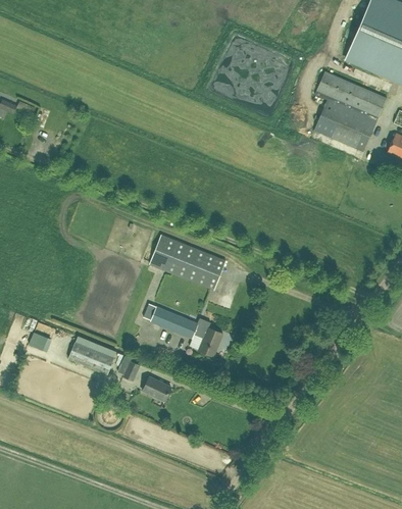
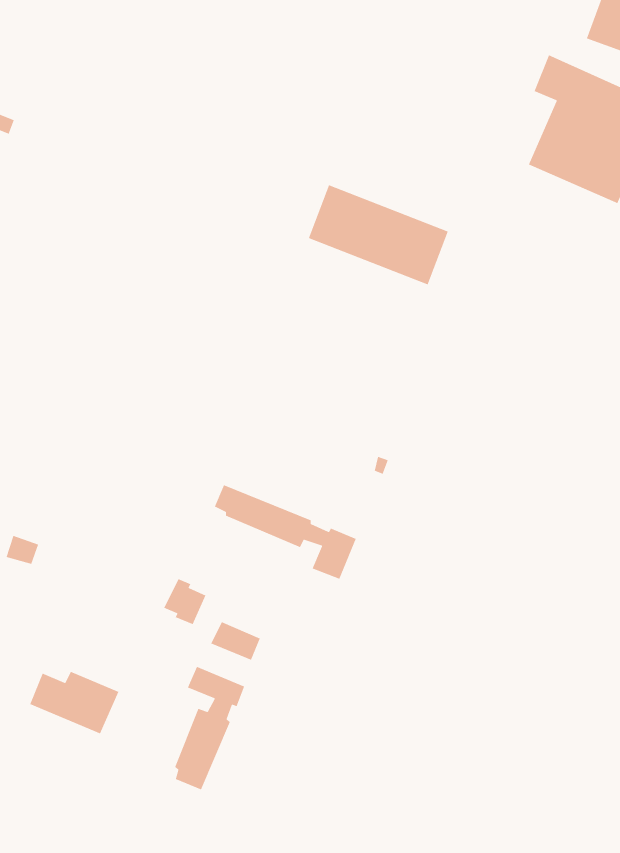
building: [148,235,224,290] -> [308,184,449,286]
building: [68,340,117,374] -> [29,671,119,735]
building: none -> [174,666,245,790]

